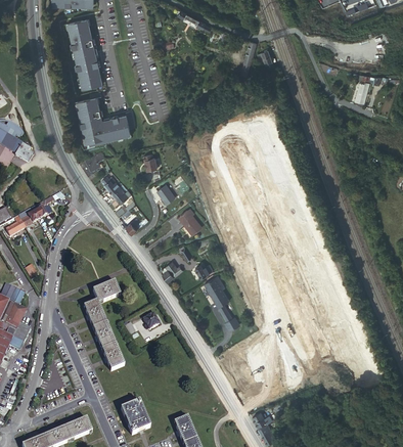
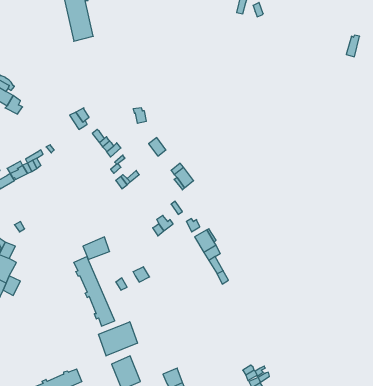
building: [79,97,135,144] -> none
building: none -> [98,322,137,356]

